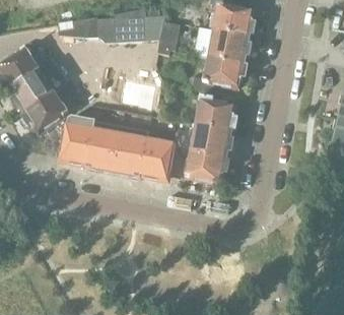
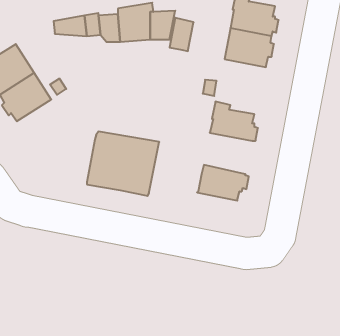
building: [201,56,247,85] -> none
building: [22,91,67,131] -> none
building: [59,116,95,165] -> none
building: [189,121,232,158] -> none
building: [140,137,175,179] -> none

